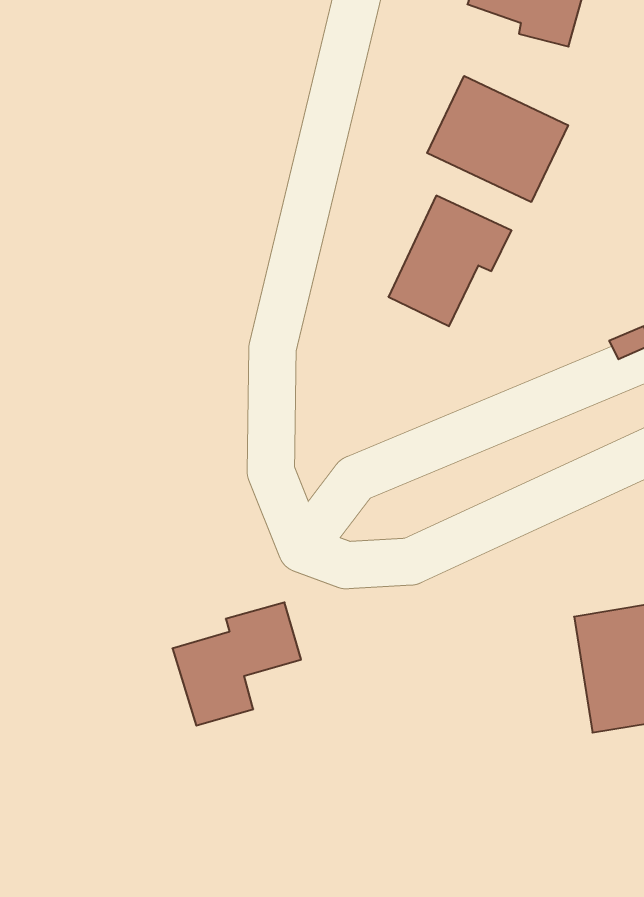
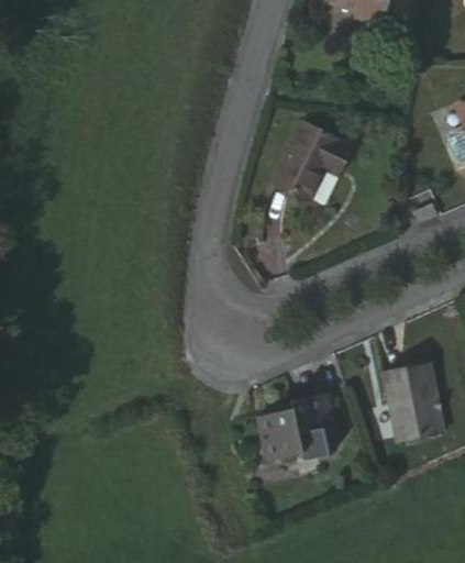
building: [427,76,568,202] -> none
building: [172,602,301,726] -> [259,393,336,466]

